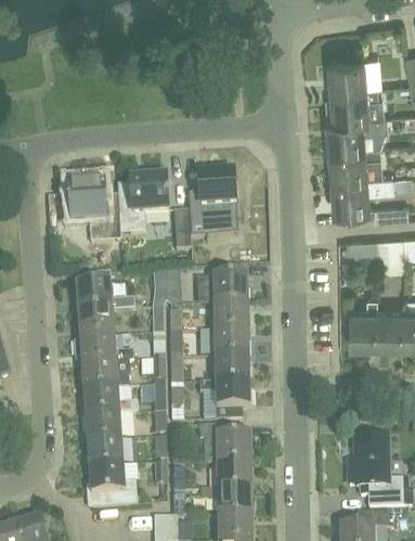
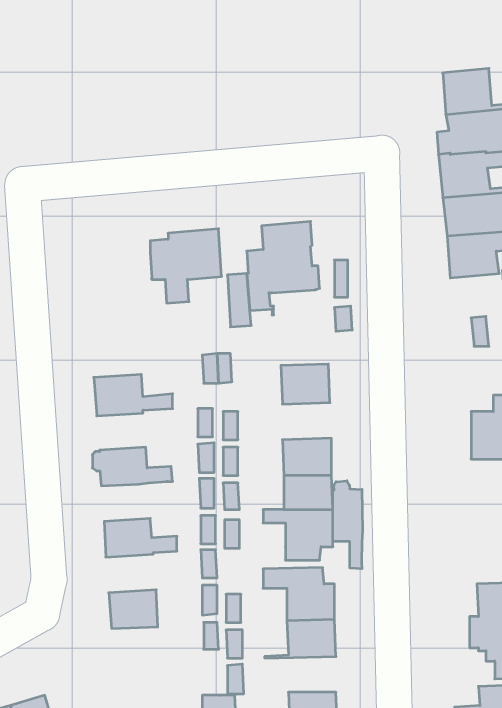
building: [68,178,120,243] -> none
building: [213,306,249,333] -> none
building: [78,313,114,340] -> none
building: none -> [333,481,363,569]
building: [81,363,130,392] -> none
building: [85,416,121,445] -> none
building: [89,469,138,510] -> none
building: [200,491,252,517] -> none

